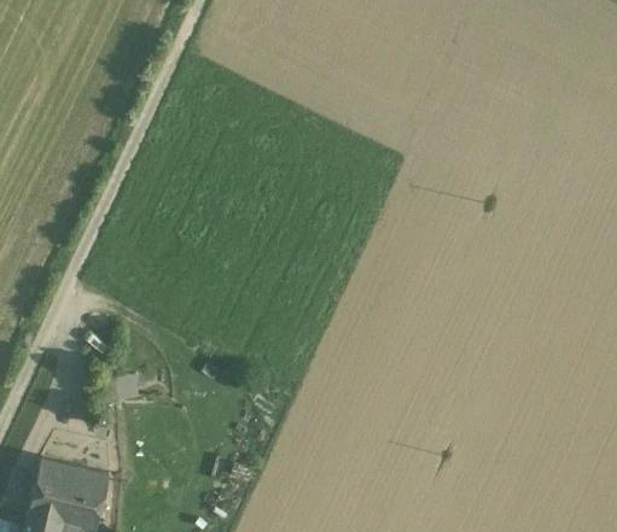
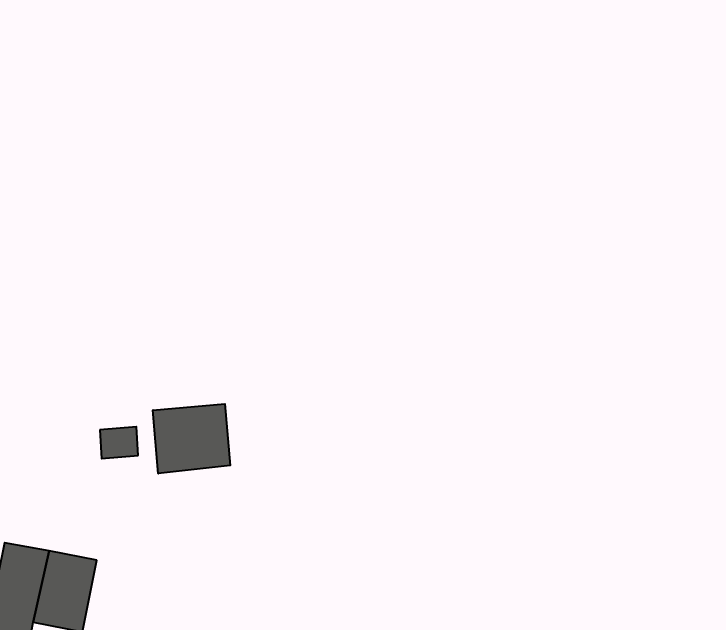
building: none -> [153,404,230,474]

